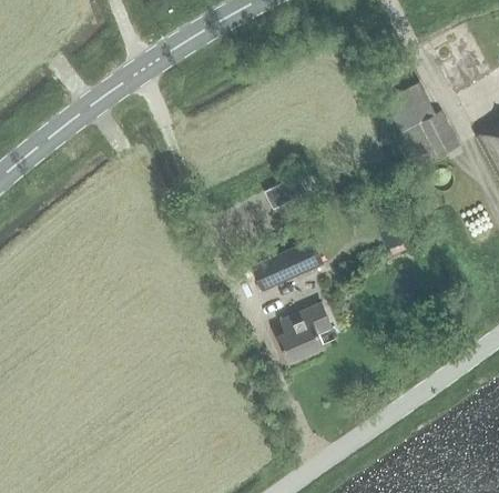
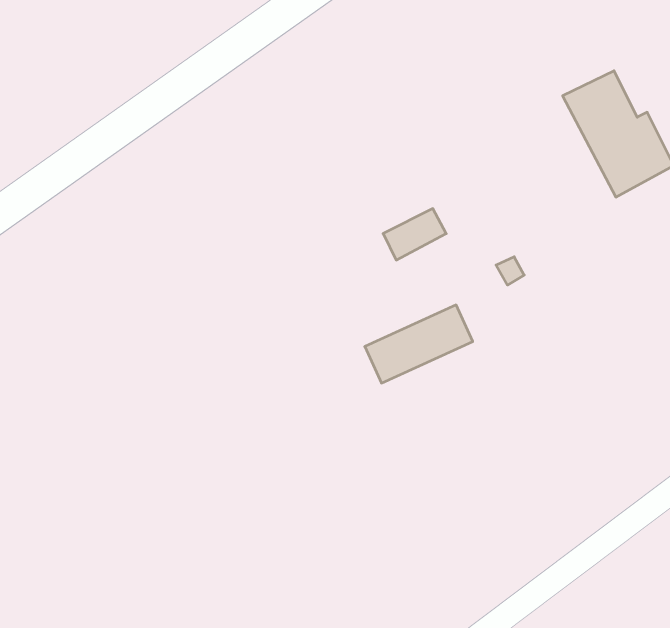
building: [278,302,332,362] -> none

